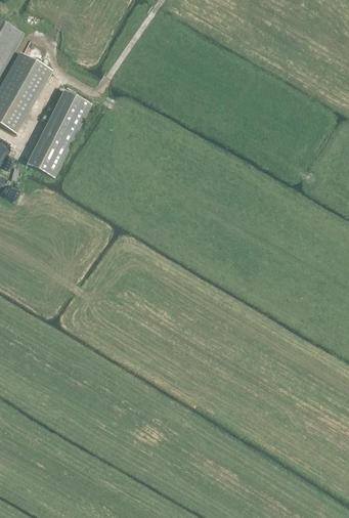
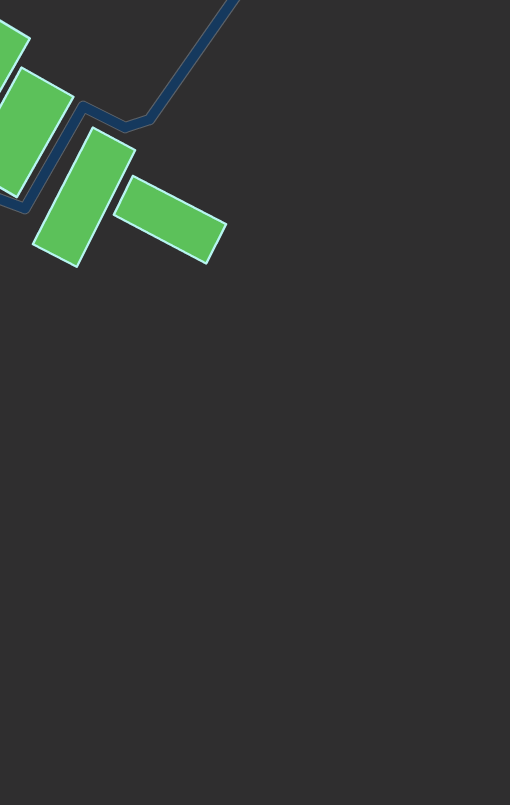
building: none -> [114,176,226,264]

